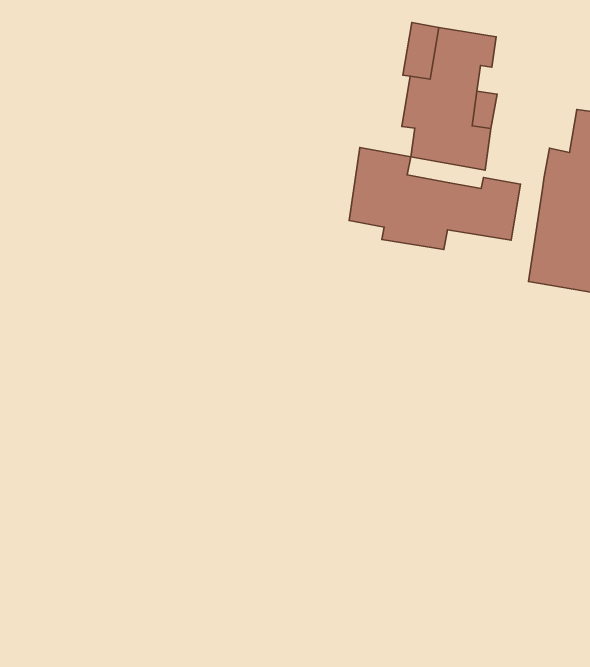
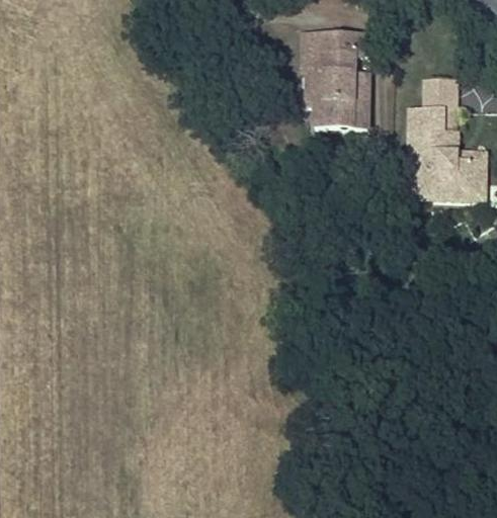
building: [349,148,520,249] -> none

